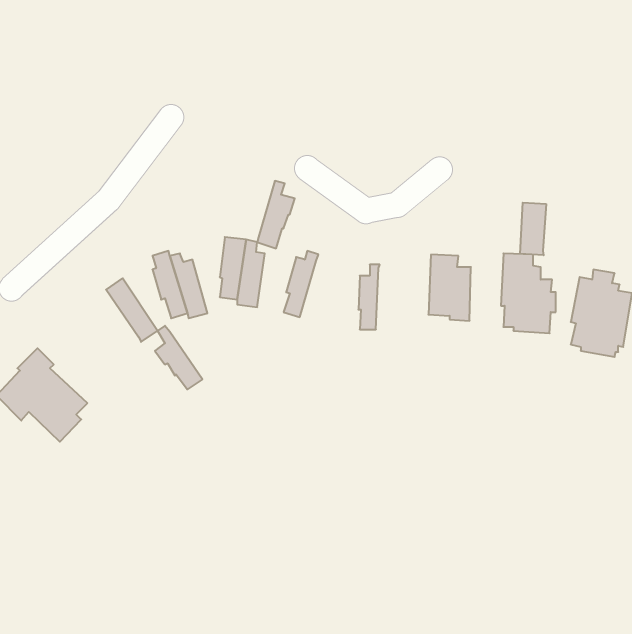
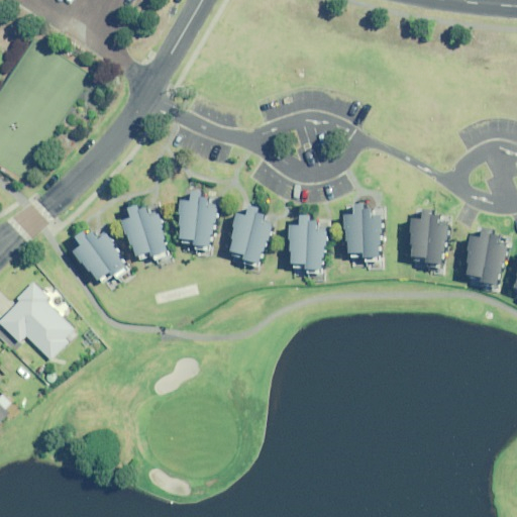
building: [257,181,295,248] -> [241,211,272,266]
building: [520,203,546,255] -> none
building: none -> [304,217,325,269]
building: [155,326,202,389] -> [74,229,112,281]

